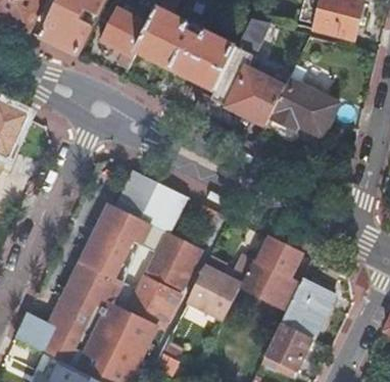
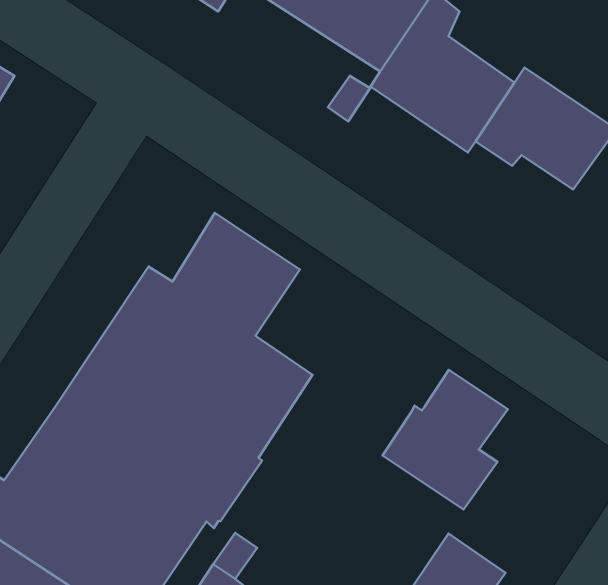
building: [186,255,252,321] -> none
building: [279,277,333,338] -> none

